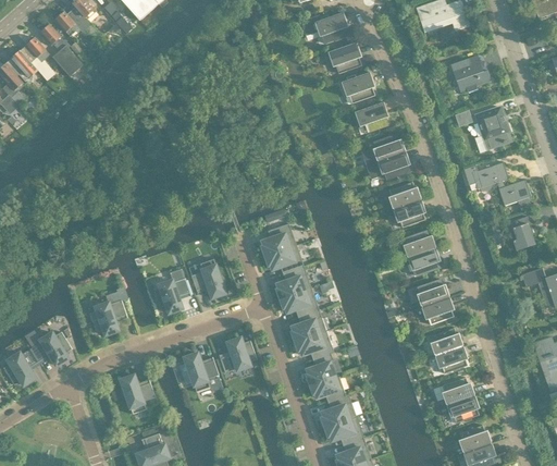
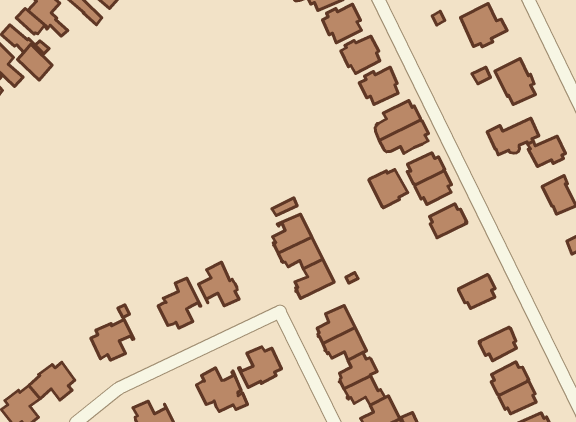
building: none -> [369,170,408,208]
building: [407,248,440,275] -> none
building: [407,275,449,306] -> none
building: [280,287,318,315] -> none
building: [430,328,462,355] -> none

